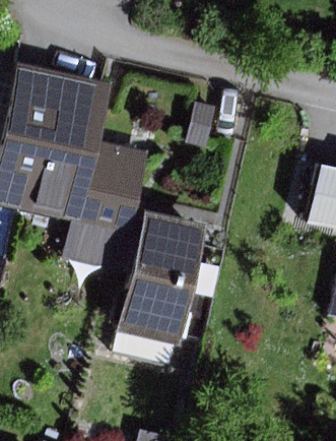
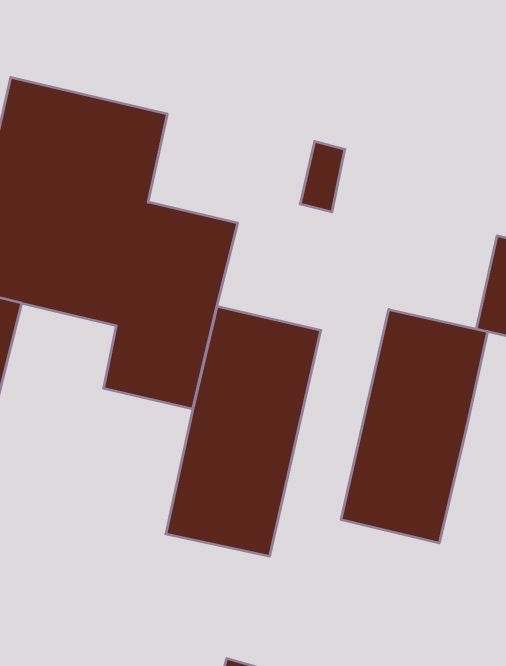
building: none -> [341,309,487,543]

